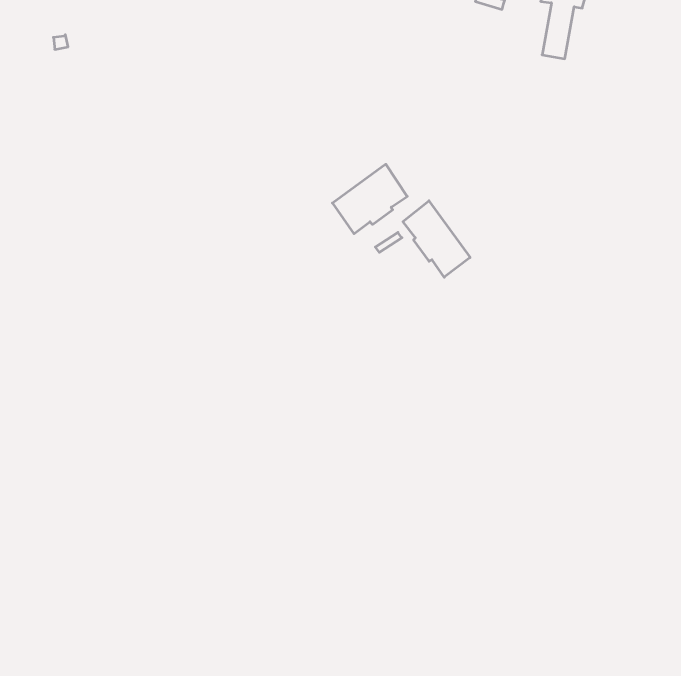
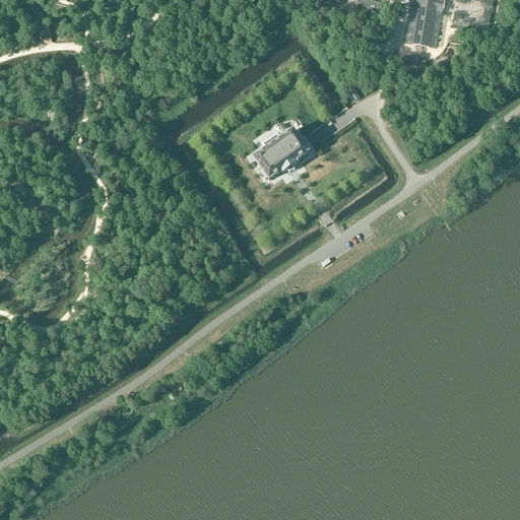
building: [403,201,470,277] -> none

